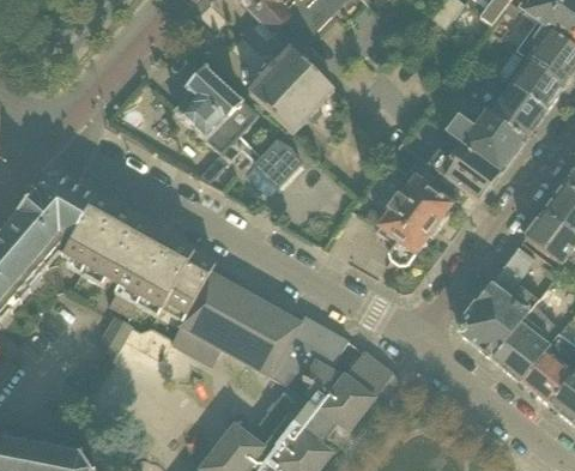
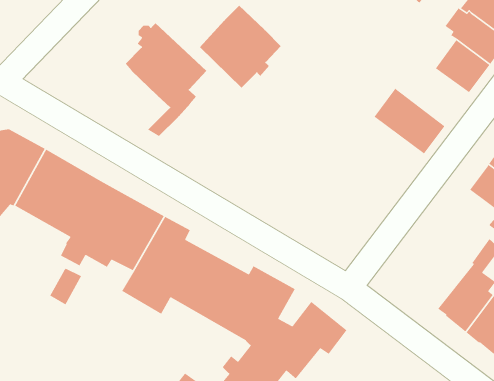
building: [444,101,525,171] -> none
building: [242,138,302,185] -> none
building: [377,143,450,262] -> none
building: [460,244,535,357] -> none

